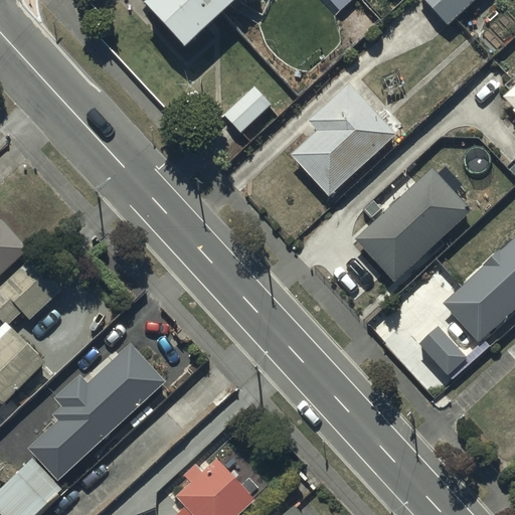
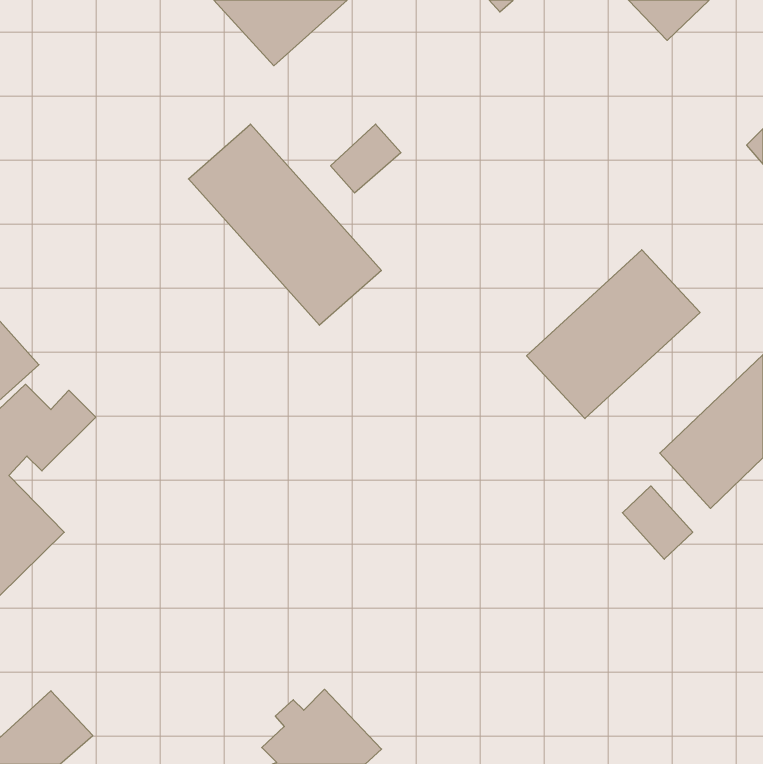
building: [290,77,394,191] -> none
building: none -> [188,124,381,325]
building: [27,343,166,482] -> none

